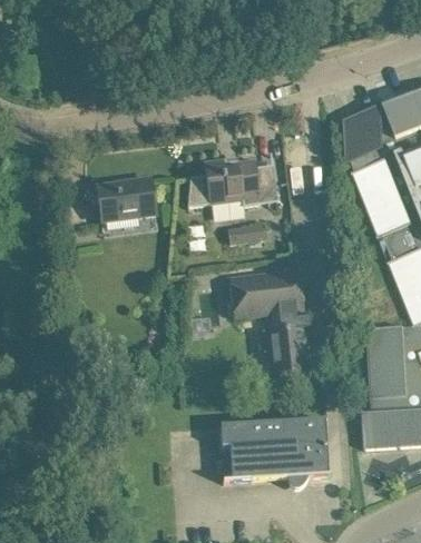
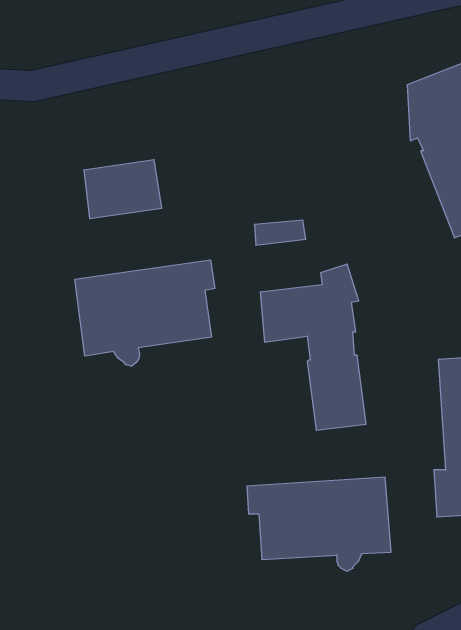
building: [187,157,277,205] -> none
building: none -> [75,260,215,366]

